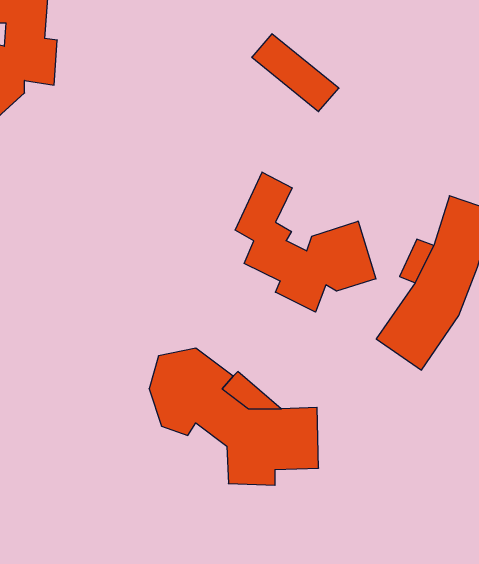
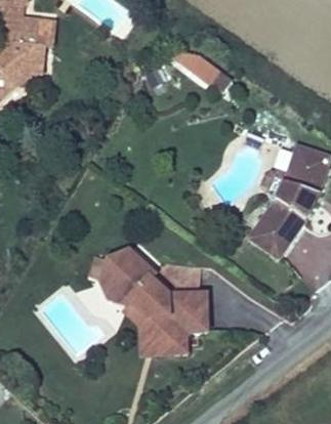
building: [235,172,376,312] -> none
building: none -> [124,301,187,351]

